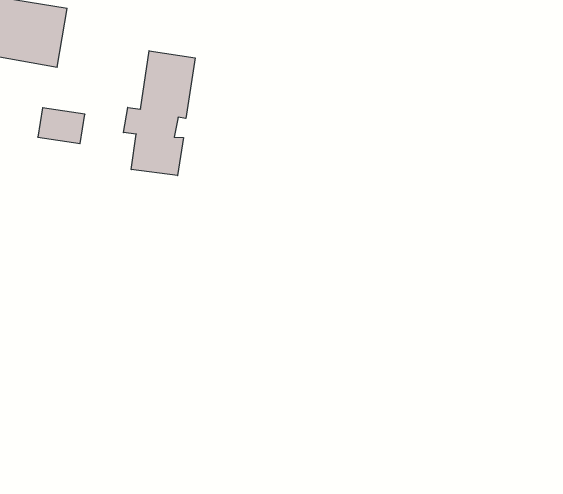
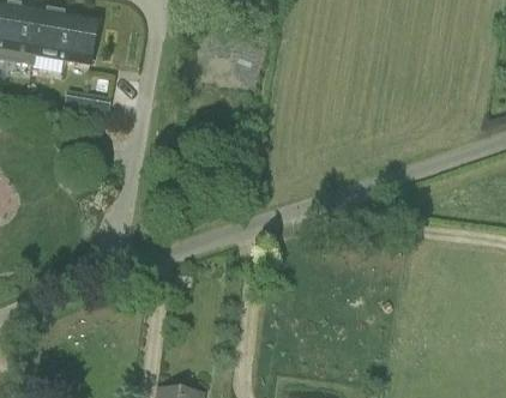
building: [123,51,195,176] -> none

